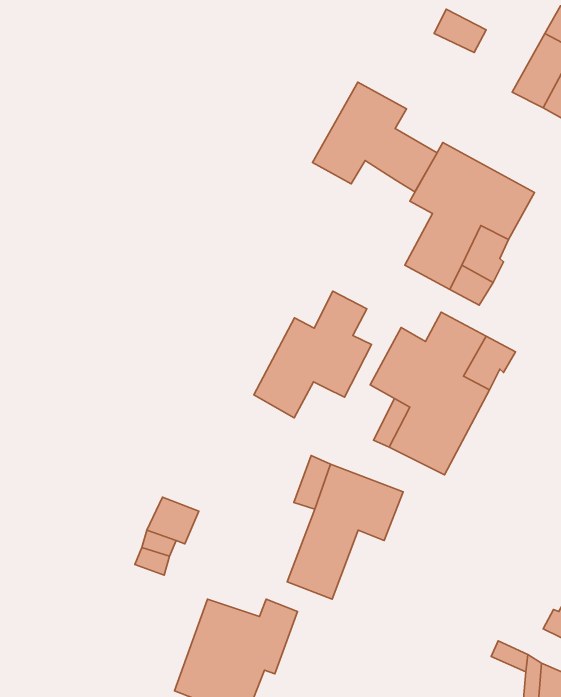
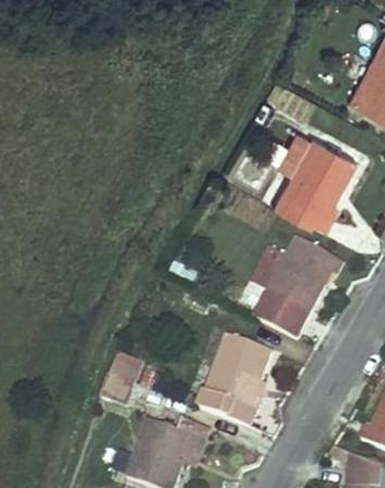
building: [313,82,437,192] -> none
building: [254,291,372,418] -> none
building: none -> [227,373,260,424]

